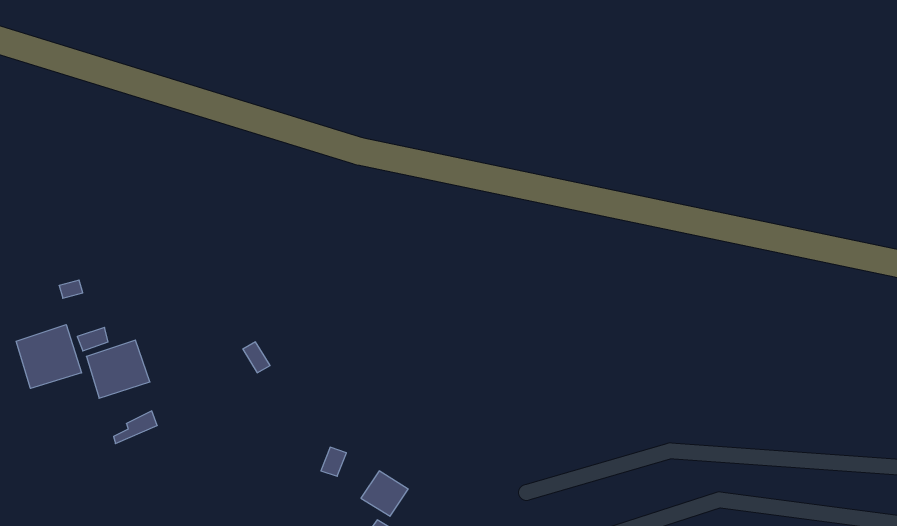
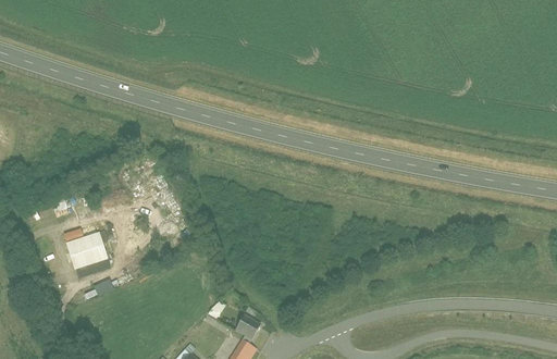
building: [16,325,82,388] -> none

